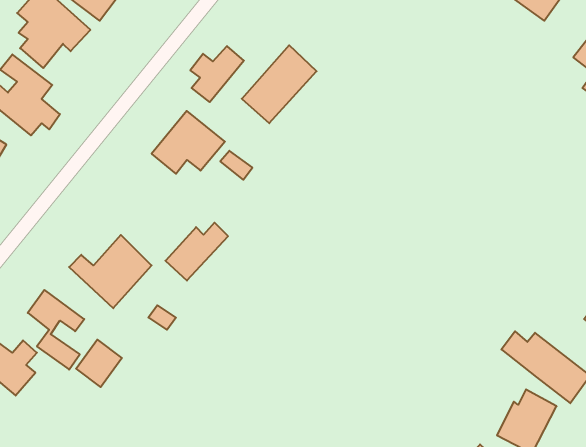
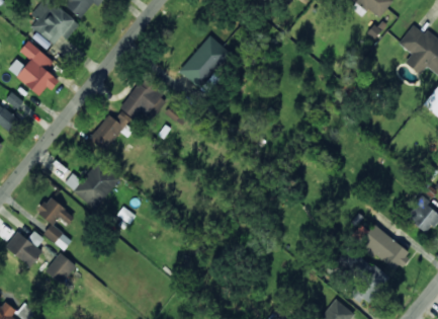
building: [190,46,244,102] -> none
building: [165,223,228,281] -> [89,112,130,151]
building: [76,340,122,387] -> [46,253,76,285]

